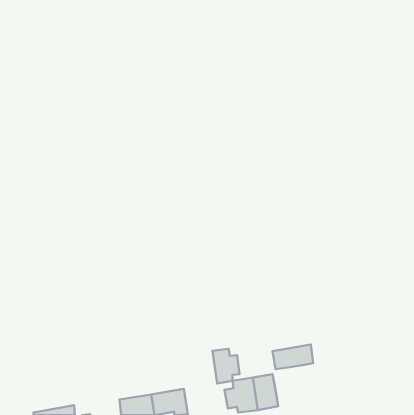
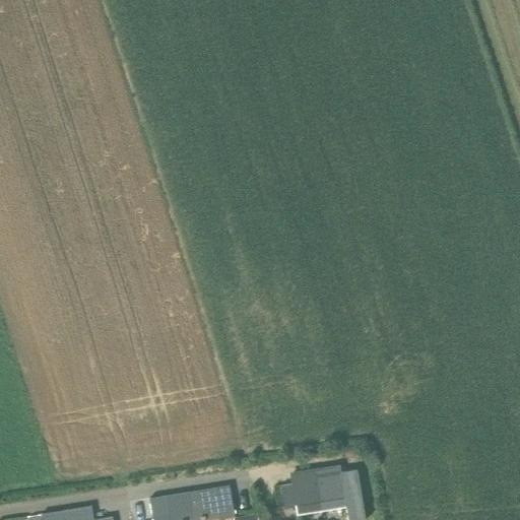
building: [272,344,313,369] -> none
building: [212,349,240,384] -> none

